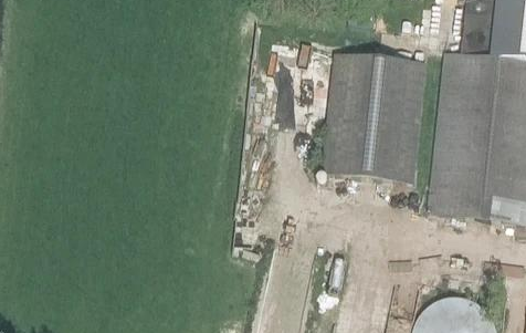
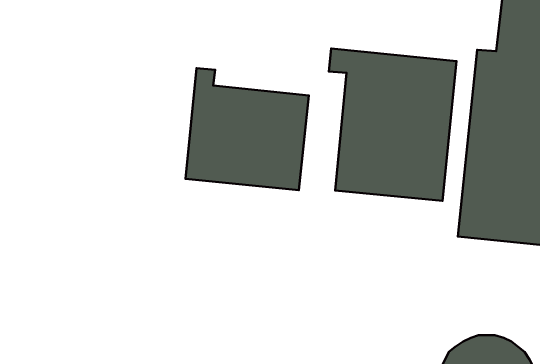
building: none -> [185,68,309,190]

